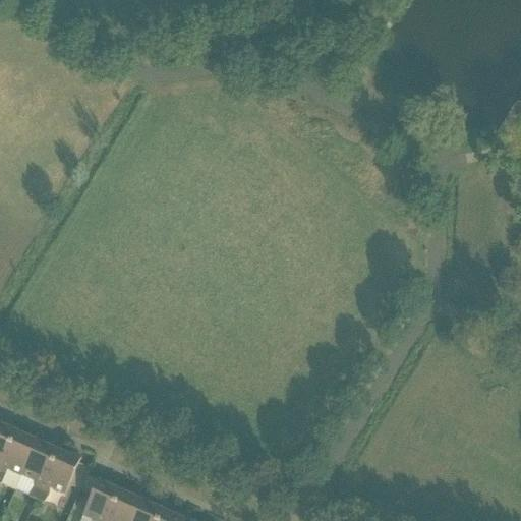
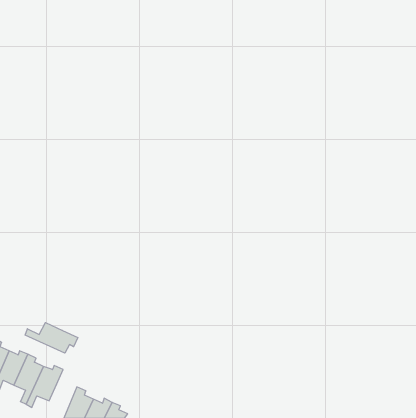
building: none -> [25,323,78,353]

